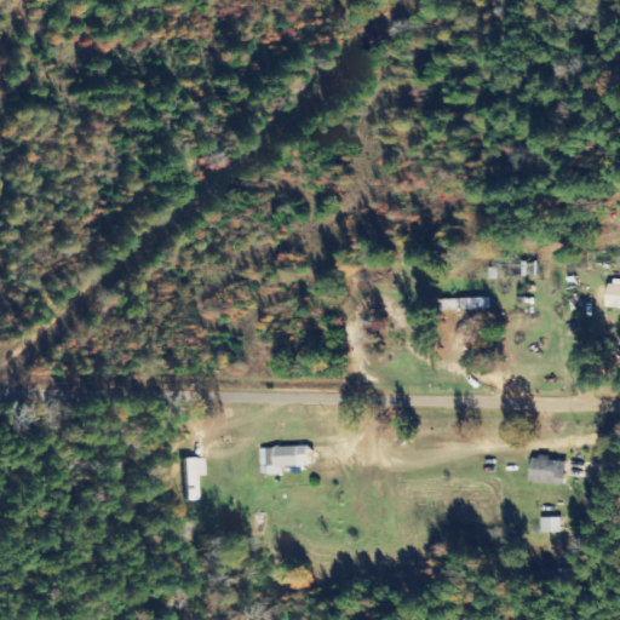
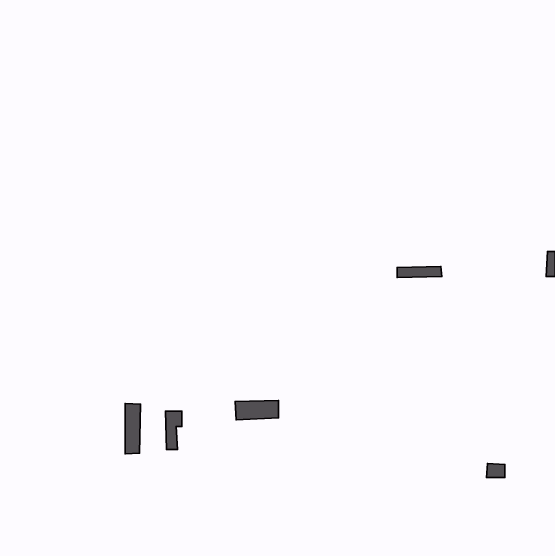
building: none -> [125,403,141,454]
building: [532,455,569,484] -> none

